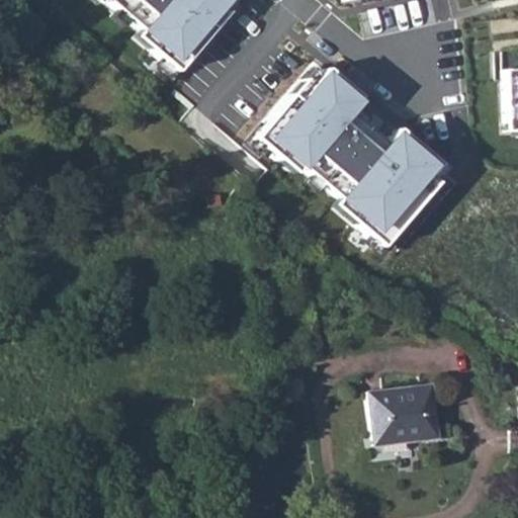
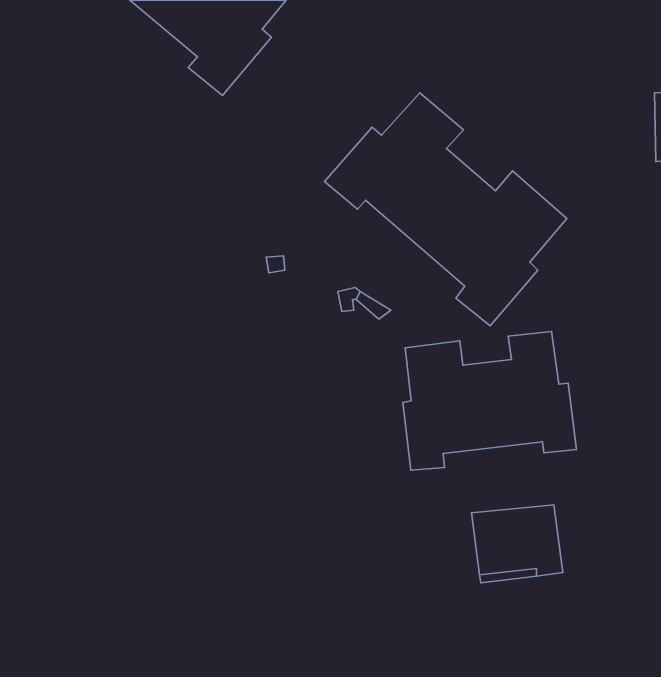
building: none -> [403,332,577,470]

